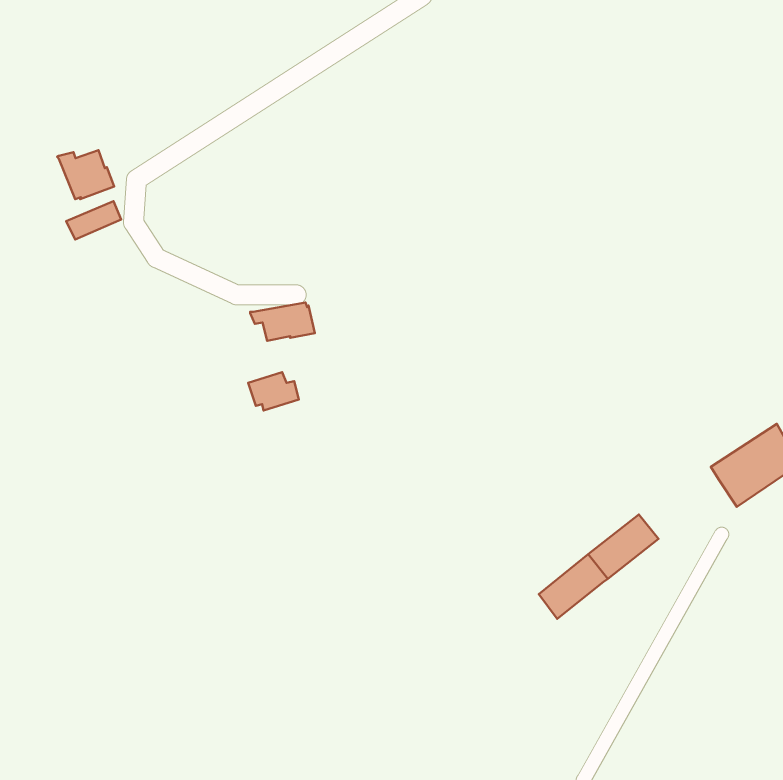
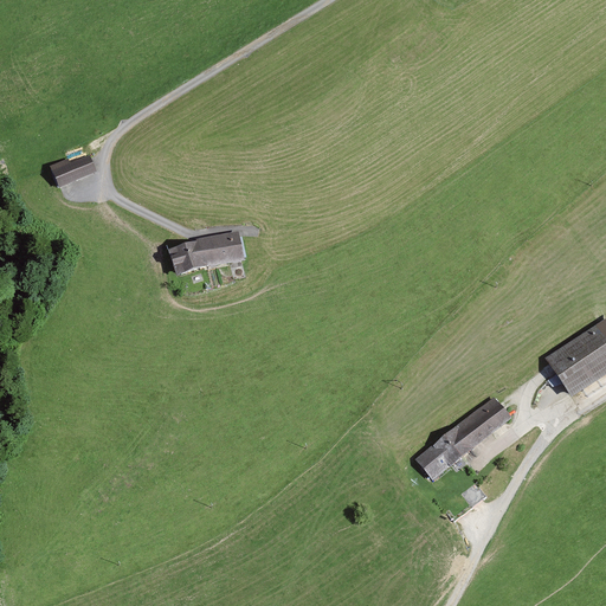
building: [57,150,114,199] -> none
building: [248,372,299,410] -> [168,241,207,271]

